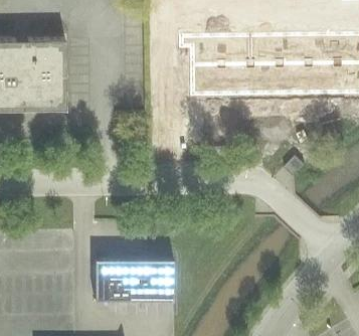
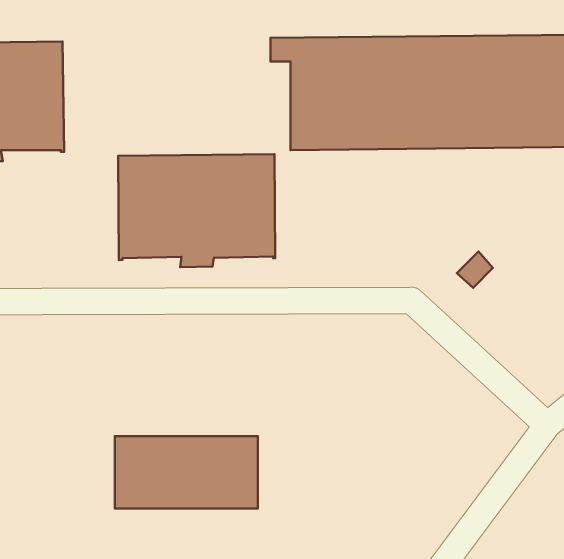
building: none -> [118,154,275,267]

